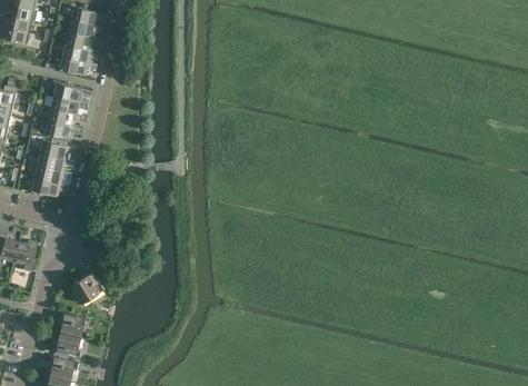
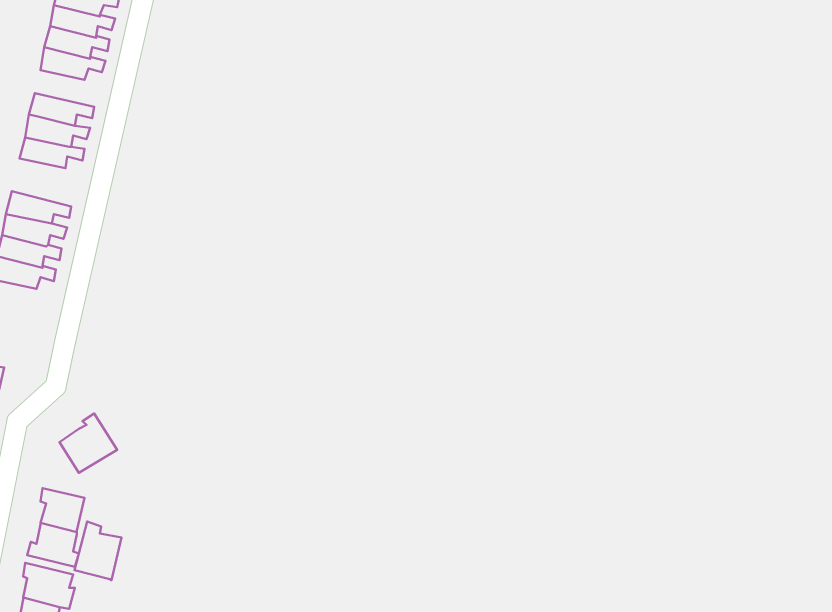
building: [43,120,81,141] -> none
building: none -> [74,522,121,580]

